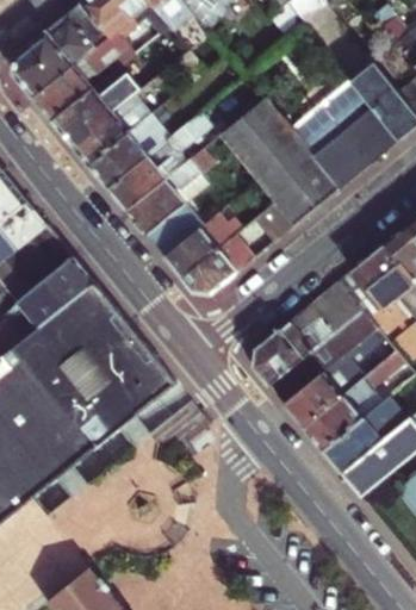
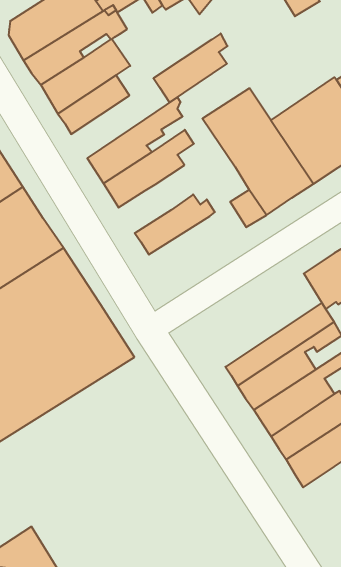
building: [89,112,162,187] -> [153,33,228,102]
building: [145,206,199,257] -> none
building: [181,232,256,293] -> none
building: [255,280,361,382] -> none

